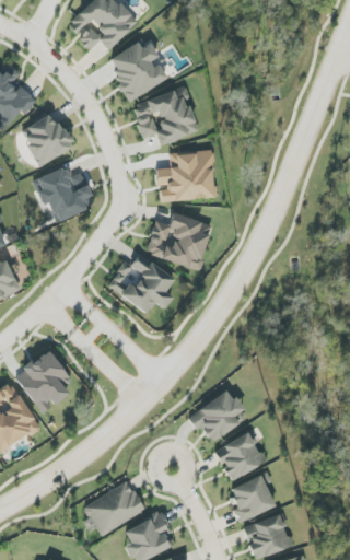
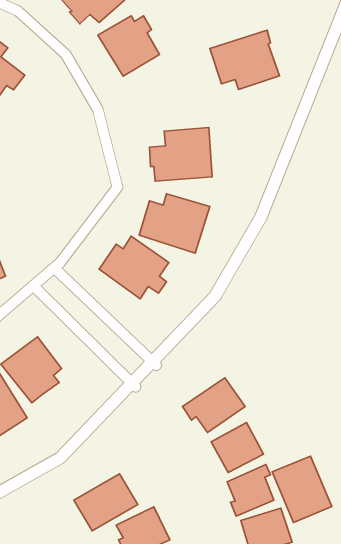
building: [132,86,199,143] -> [210,30,280,90]
building: [21,112,73,165] -> none
building: [33,166,95,221] -> none
building: none -> [272,456,332,522]

